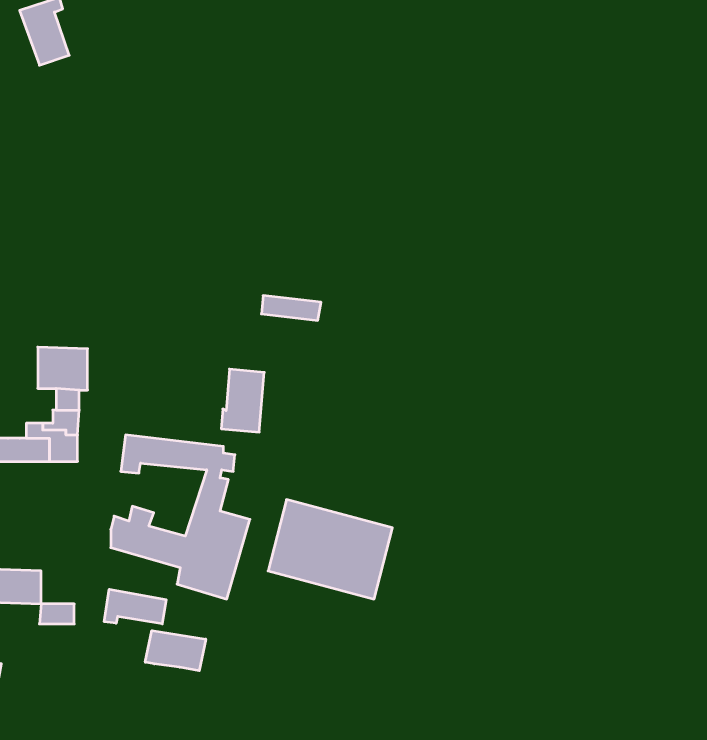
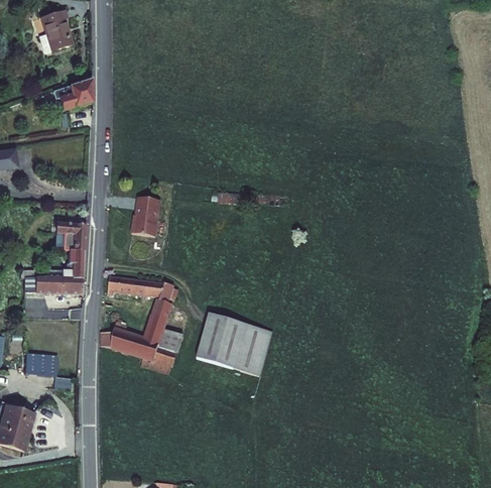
building: none -> [51,79,85,109]
building: [221,369,264,432] -> [133,198,159,236]
building: [104,589,166,624] -> none
building: [145,631,206,671] -> none

